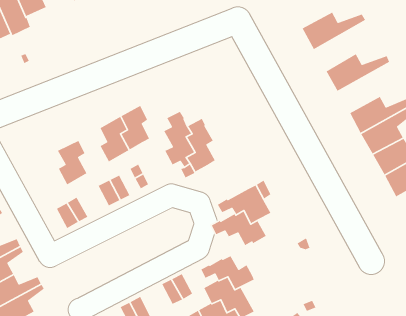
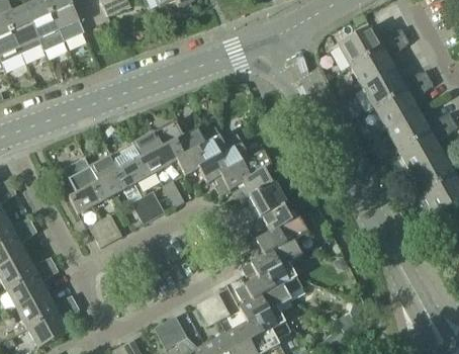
building: none -> [351,35,408,87]
building: none -> [375,78,433,129]
building: none -> [177,128,207,175]
building: none -> [112,145,143,191]
building: none -> [238,150,289,217]
building: none -> [68,168,100,215]
building: none -> [241,252,302,294]

